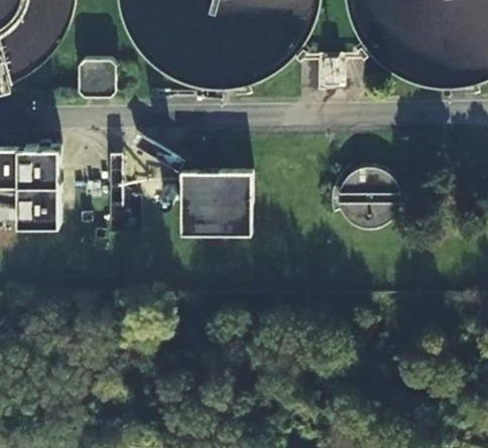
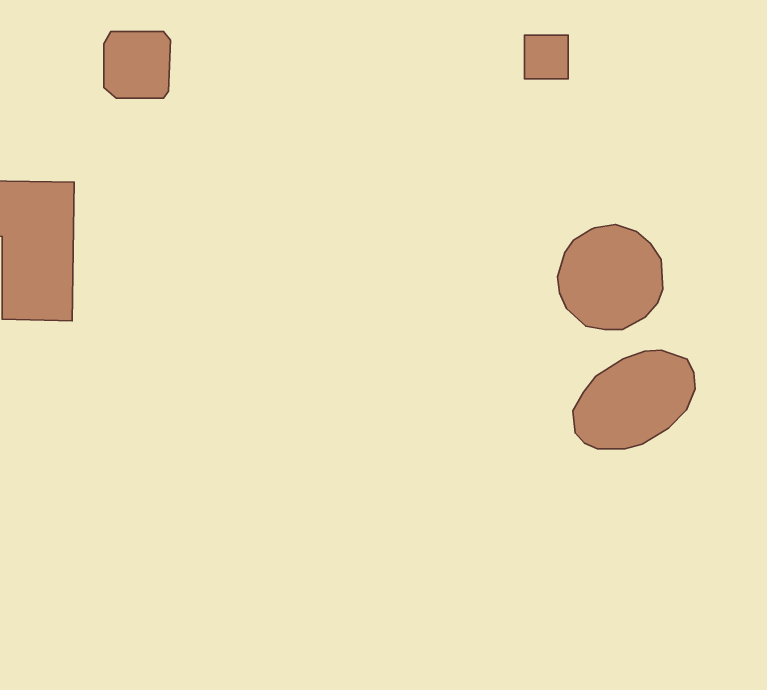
building: [184,173,248,234] -> none
building: none -> [573,350,695,449]

